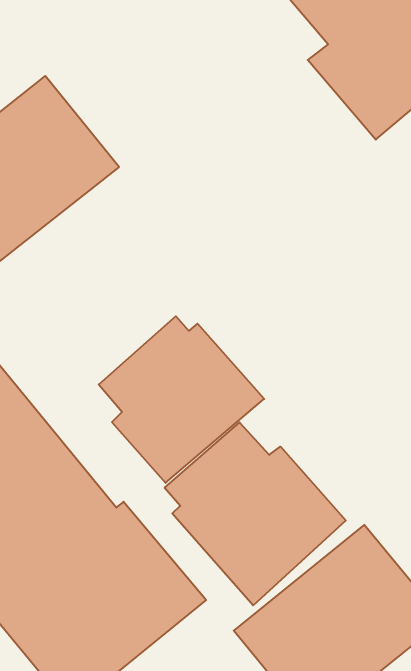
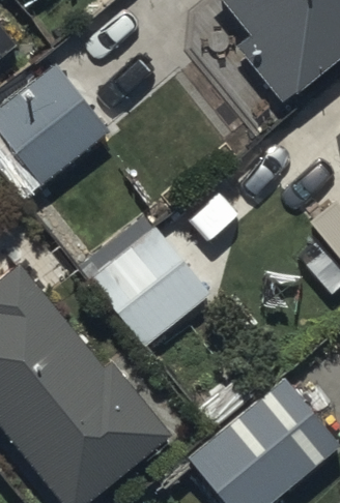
building: [165,422,346,605] -> none

